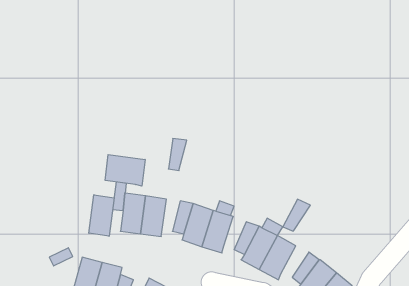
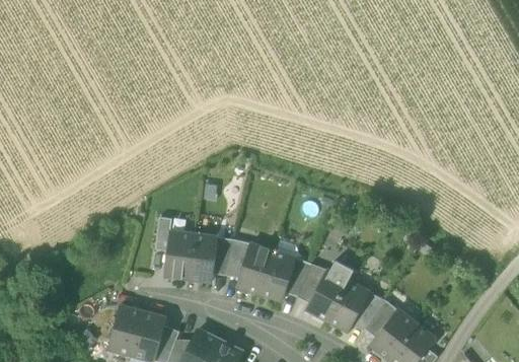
building: [168,139,187,171] -> [213,237,234,275]
building: [105,155,145,186] -> none
building: [89,195,114,236] -> none
building: [283,199,310,231] -> [352,292,384,330]
building: none -> [285,258,311,296]

